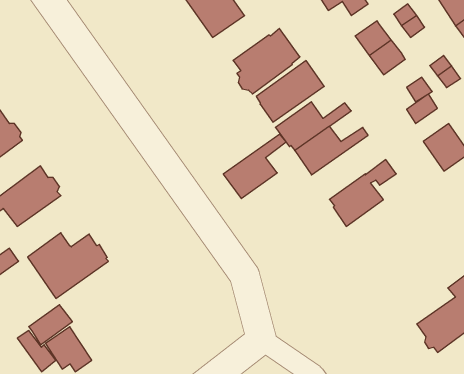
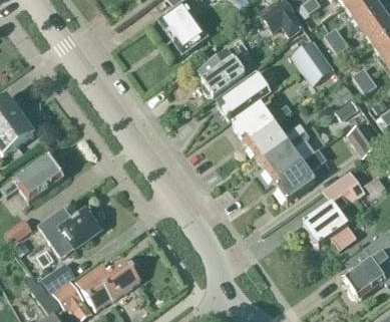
building: [223,134,286,199] -> [260,129,309,180]
building: none -> [304,171,365,249]
building: none -> [75,258,140,309]

